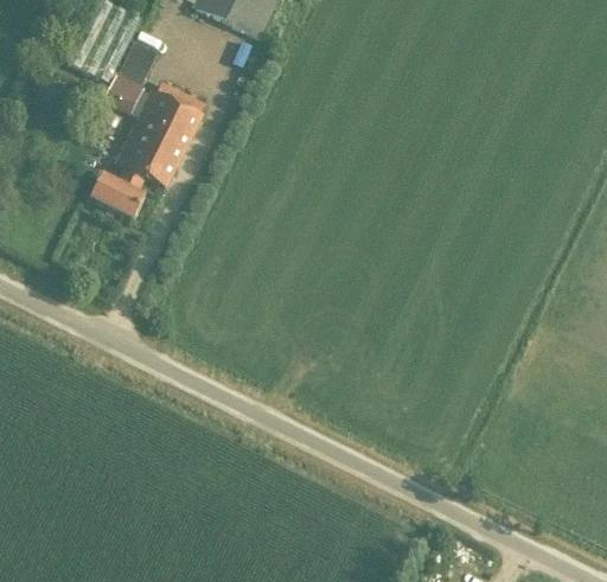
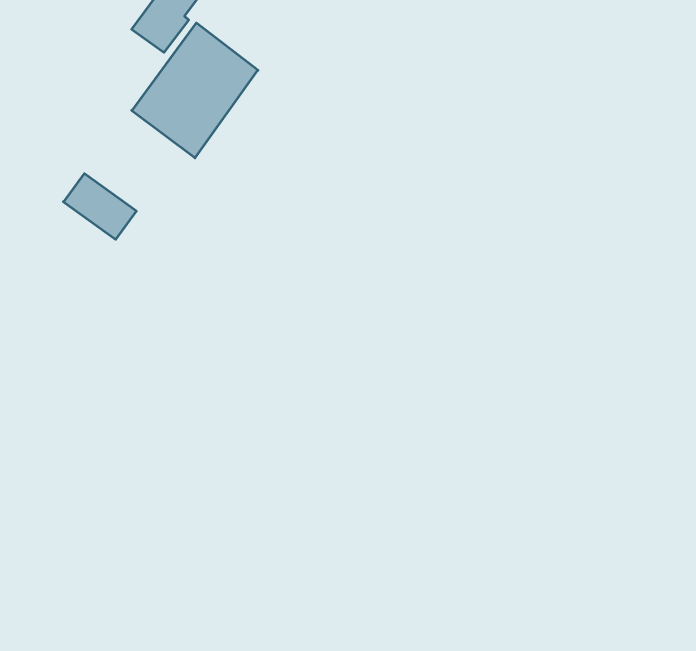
building: [91,168,147,213] -> [63,174,136,239]

